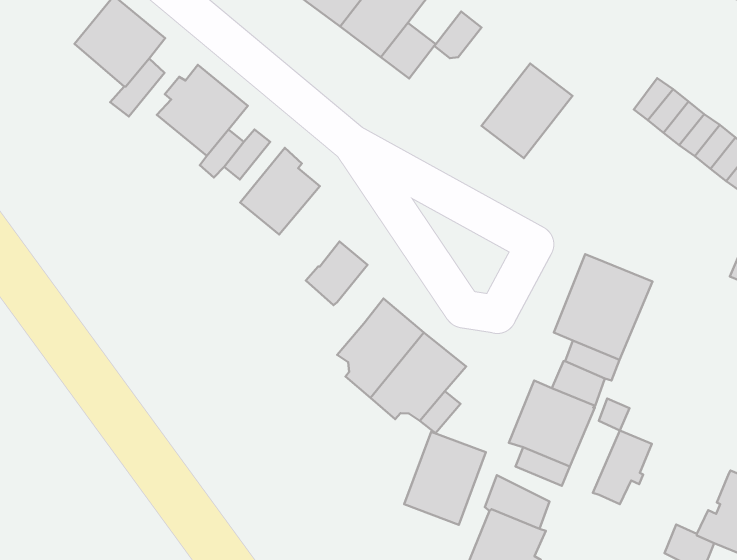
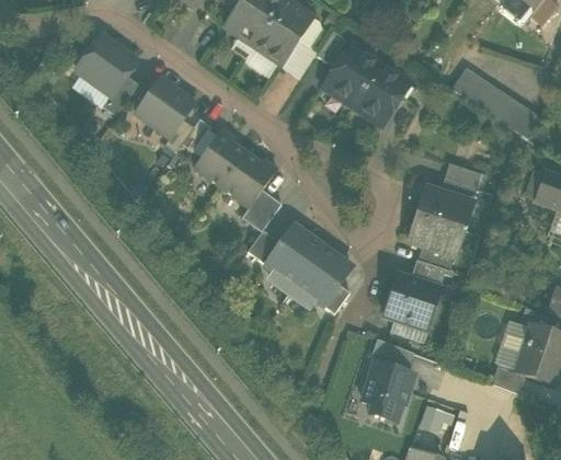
building: none -> [323,44,381,106]
building: none -> [221,153,277,207]
building: none -> [439,162,481,203]
building: none -> [248,230,282,265]
building: [593,430,652,504] -> [494,320,531,369]
building: [404,432,486,525] -> none

